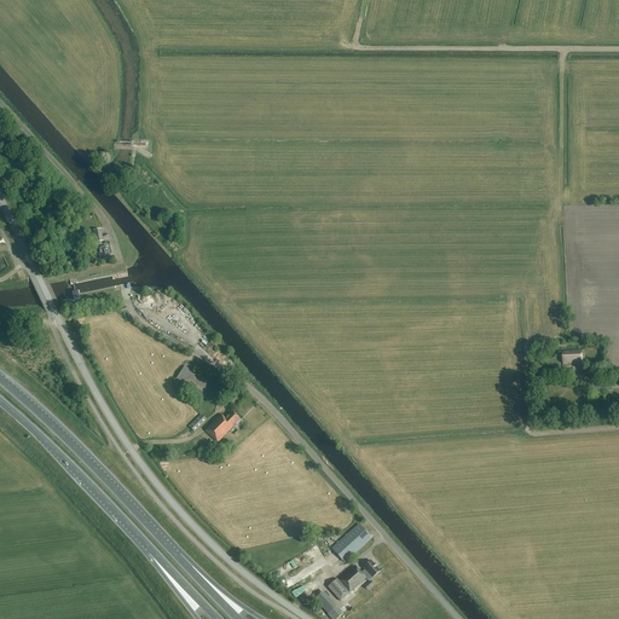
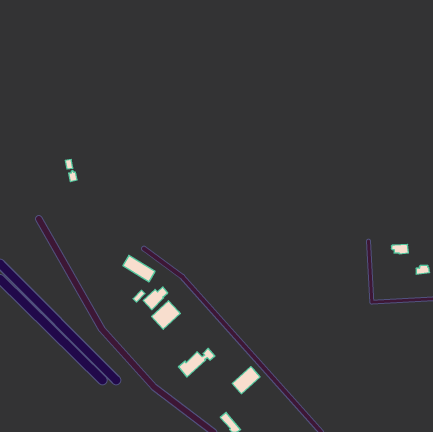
building: none -> [152,301,180,329]
building: [328,559,380,600] -> [178,348,215,377]

